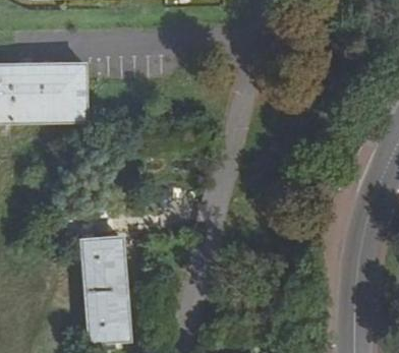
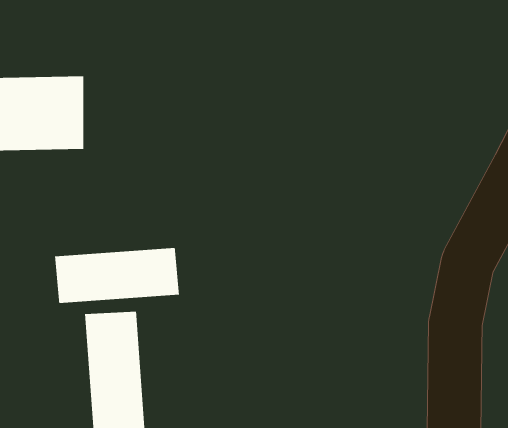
building: none -> [55,247,179,304]

